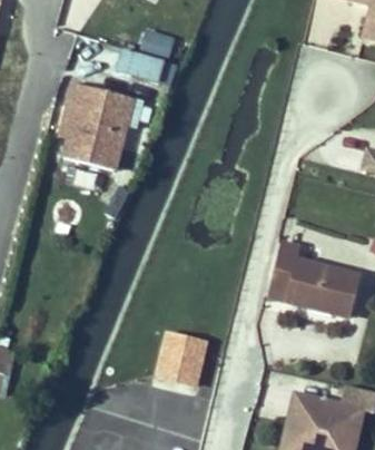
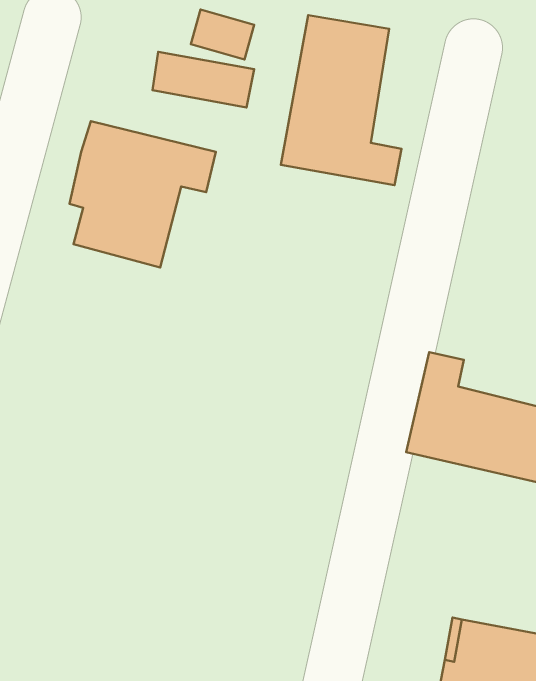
building: none -> [281,15,401,185]
building: [157,332,206,388] -> none

